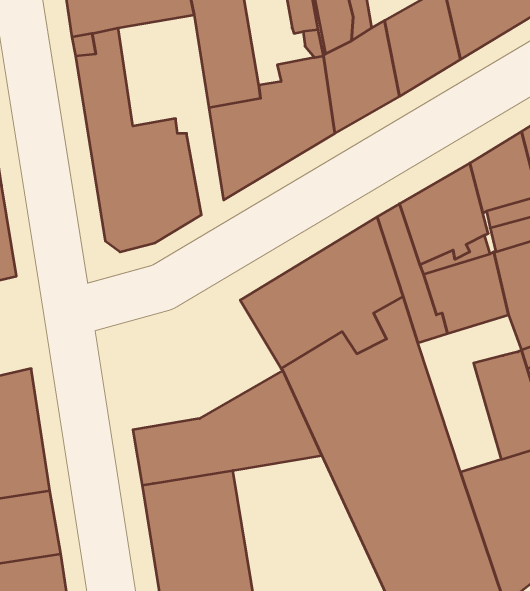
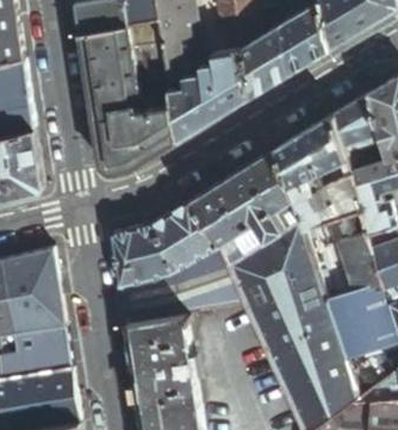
building: none -> [110,19,178,148]
building: none -> [111,202,216,286]

